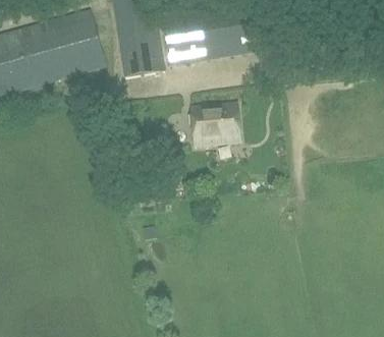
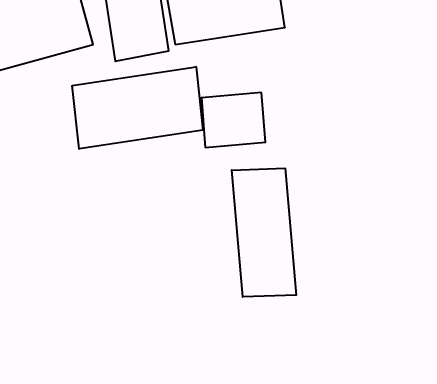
building: none -> [72,67,203,149]
building: none -> [232,168,296,297]

